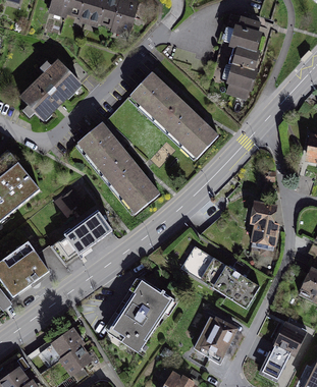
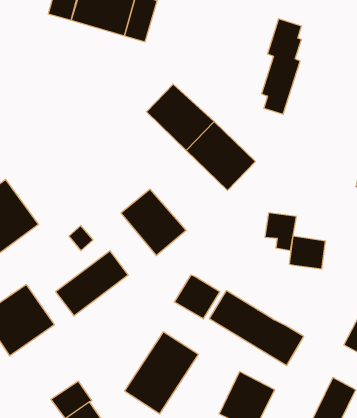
building: [19,60,83,121] -> none
building: [77,123,133,180] -> none
building: [251,224,277,256] -> [265,213,296,250]
building: none -> [174,275,220,319]

